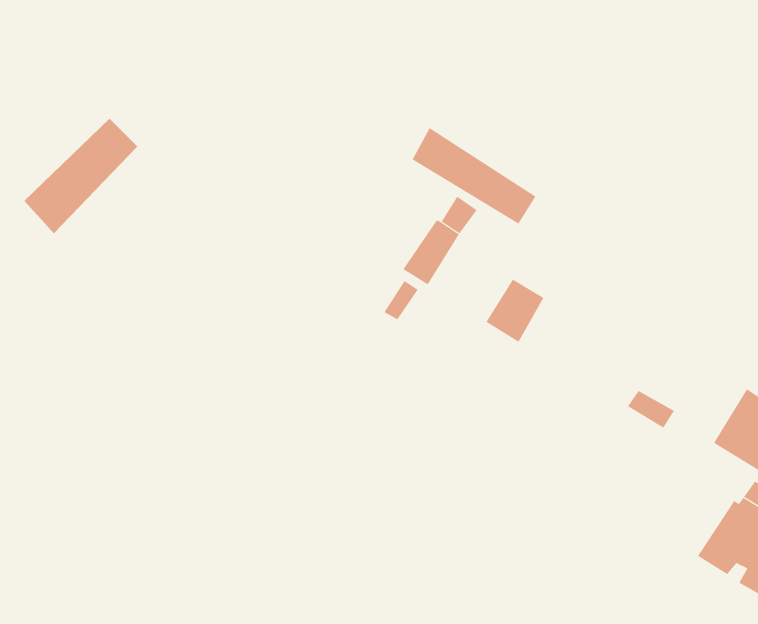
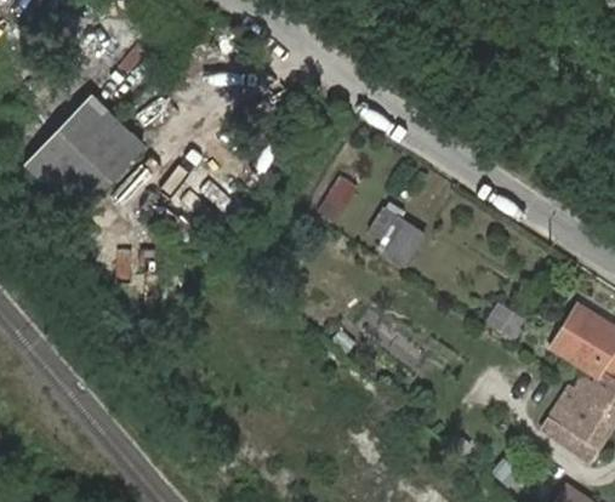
building: [412,127,536,224] -> none
building: none -> [51,119,142,211]

